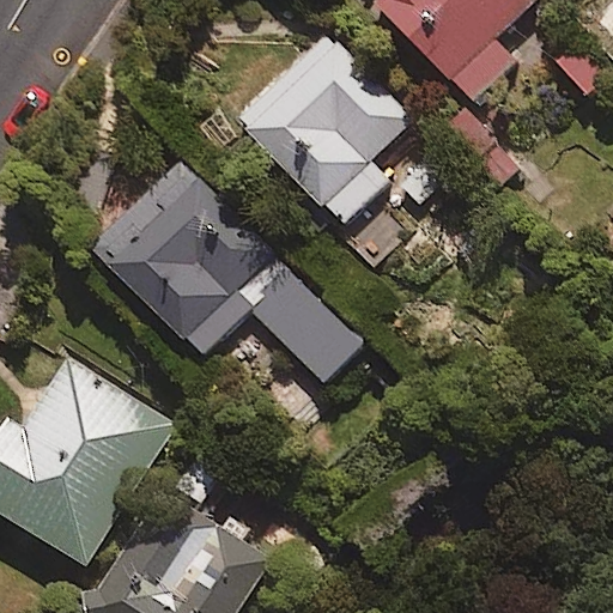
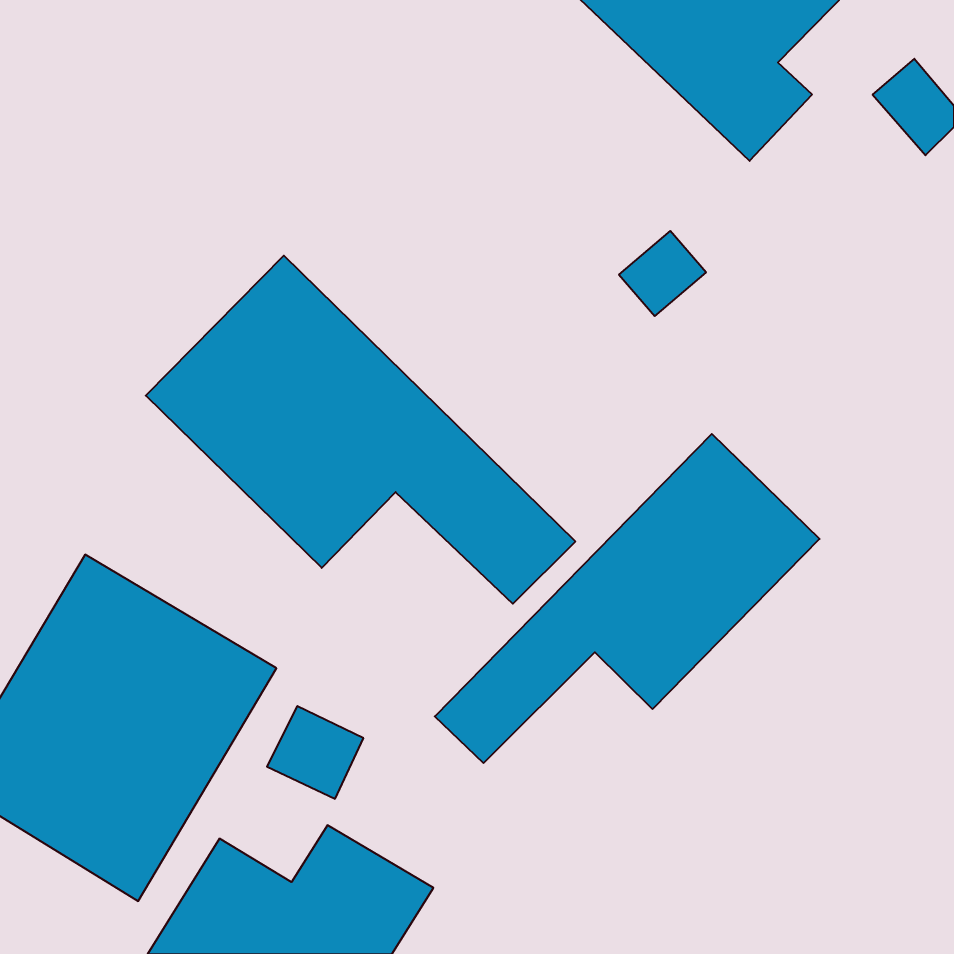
building: [220,18,411,226] -> none
building: none -> [435,434,820,763]

